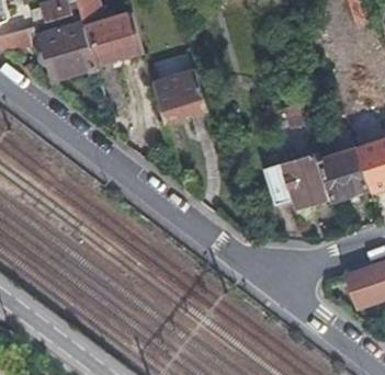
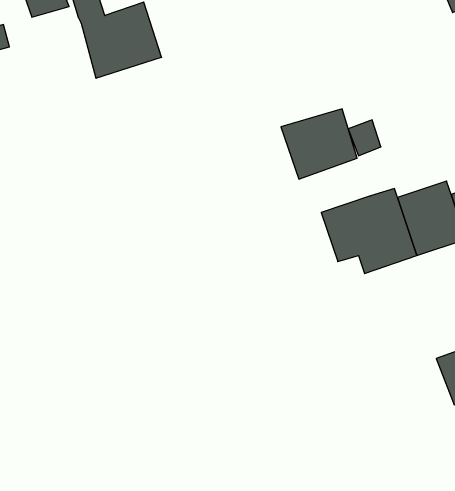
building: [39,22,95,80] -> none
building: [152,69,208,121] -> [281,109,357,179]

